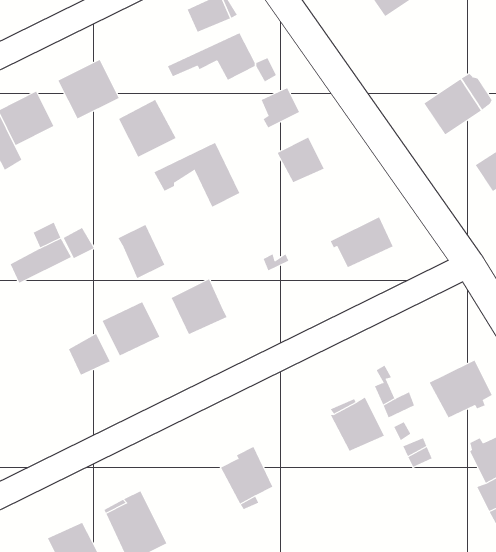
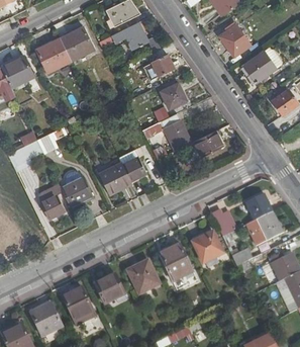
building: none -> [220,23,251,56]
building: [118,99,177,158] -> [59,27,92,61]
building: [154,142,240,207] -> [140,113,190,151]
building: [118,224,165,279] -> [118,151,145,182]
building: none -> [246,193,273,220]
building: none -> [159,245,194,285]
building: none -> [95,273,125,303]

